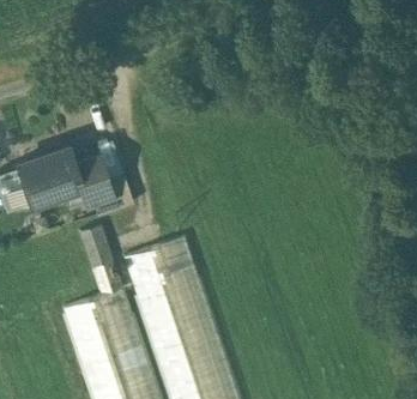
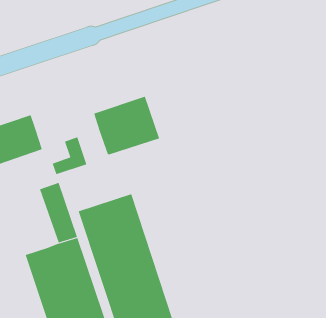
building: none -> [93,96,160,155]
building: [74,157,113,207] -> none

